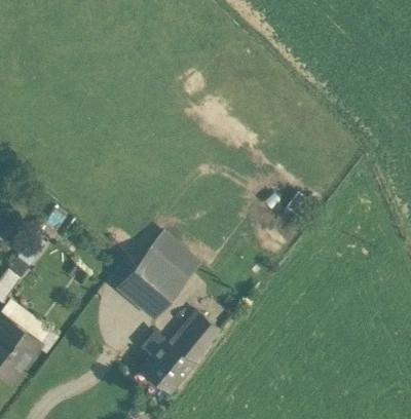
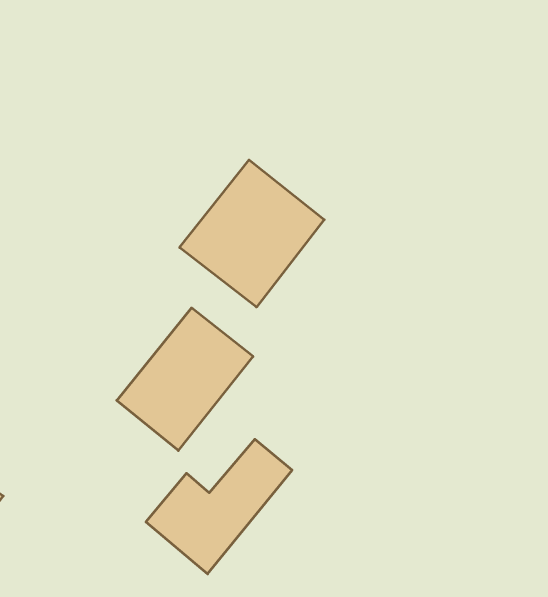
building: none -> [180,160,324,307]

